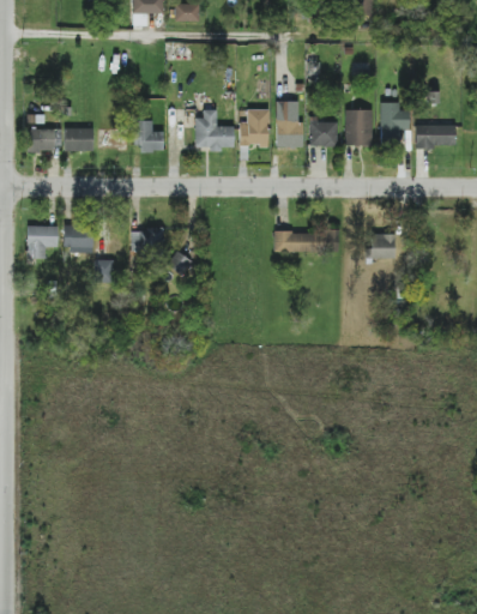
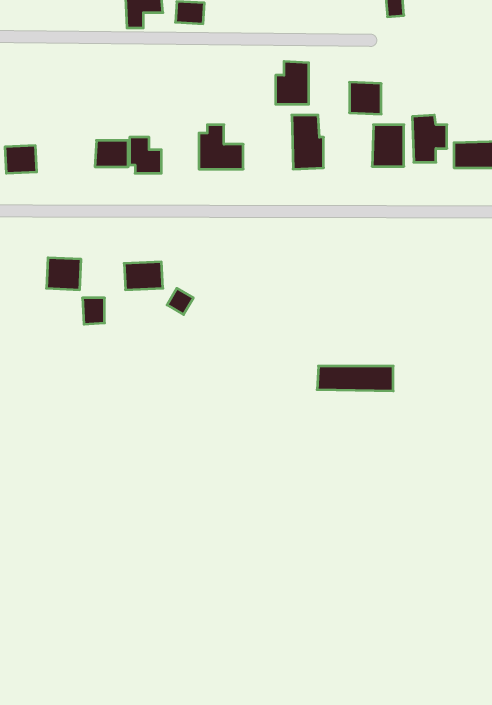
building: [240,109,268,146] -> [276,61,309,104]
building: [310,120,338,148] -> [349,82,381,114]
building: [65,128,93,151] -> [95,140,128,167]
building: [29,227,58,259] -> none
building: [273,231,339,253] -> [317,366,393,391]
building: [366,234,396,259] -> none

